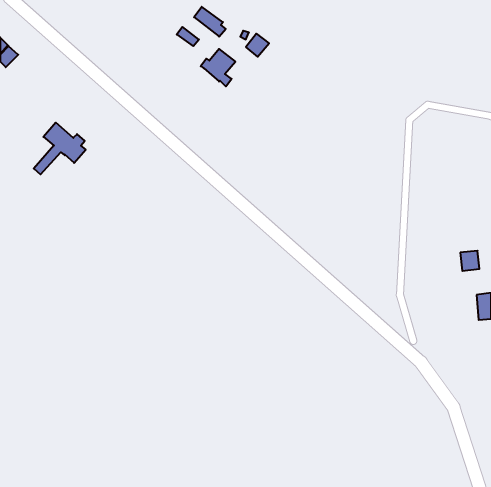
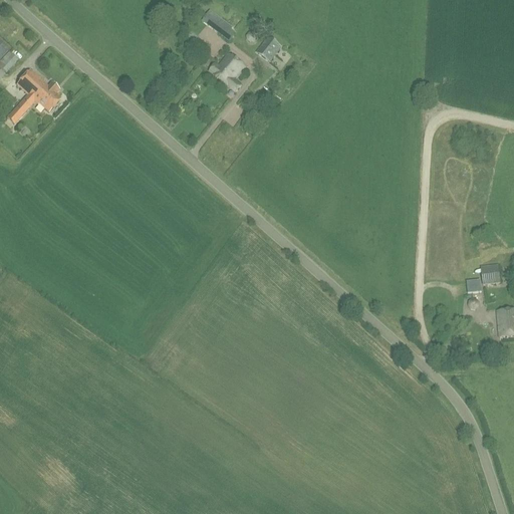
building: [34,123,86,174] -> [7,67,61,121]

